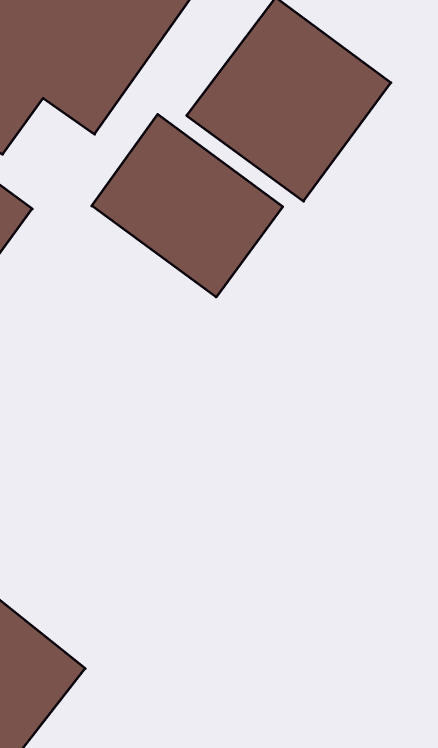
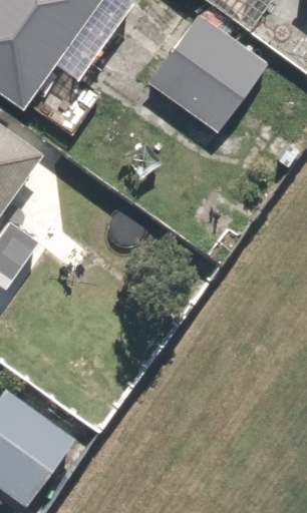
building: [92,114,283,297] -> none

